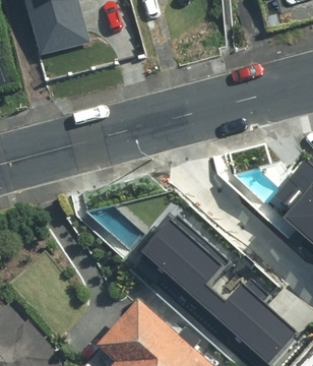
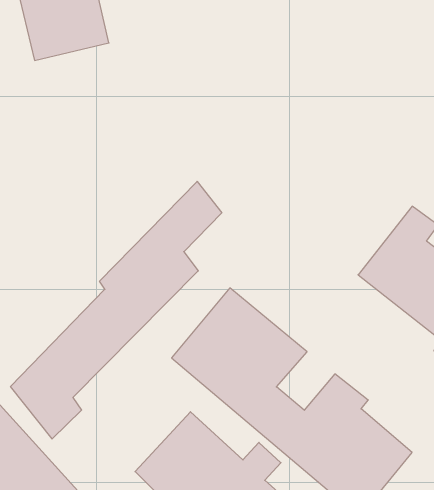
building: none -> [11,181,222,439]

